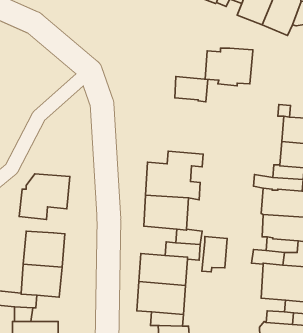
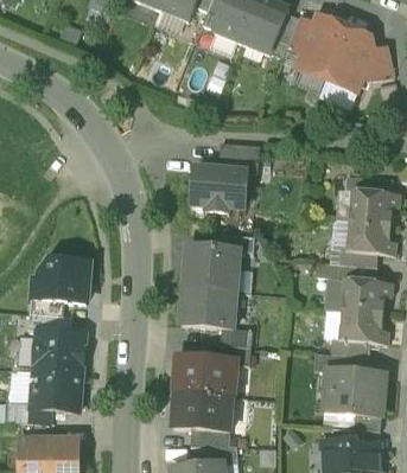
building: [205,48,253,86] -> [190,167,248,213]
building: none -> [28,312,72,332]
building: [202,237,227,272] -> none

